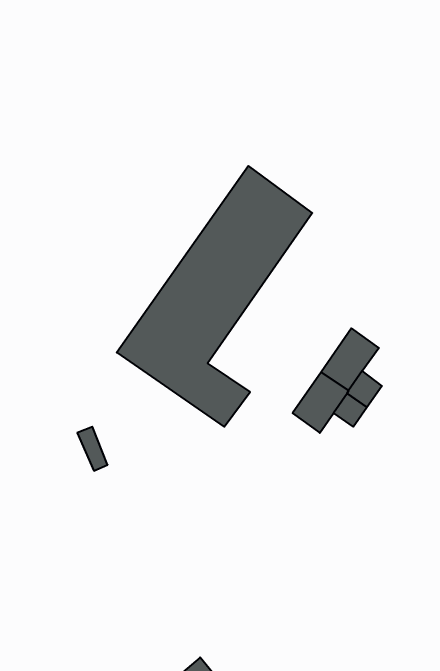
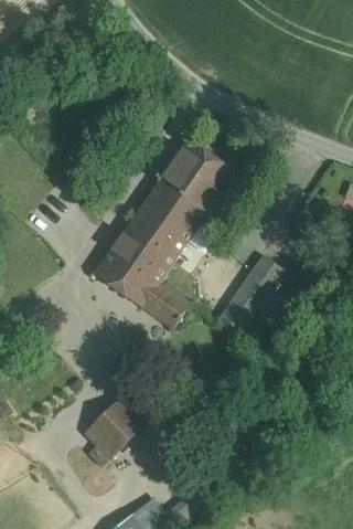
building: none -> [87,399,143,455]

